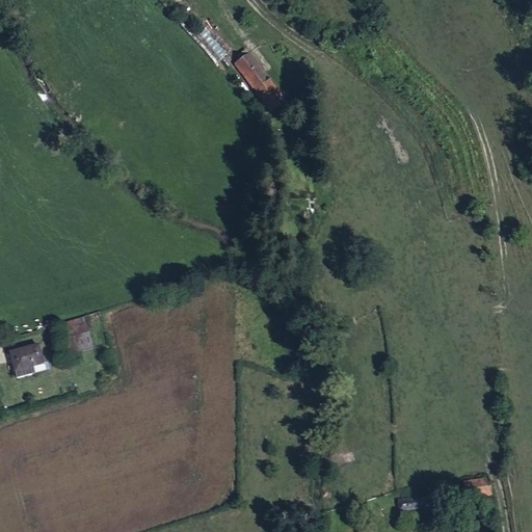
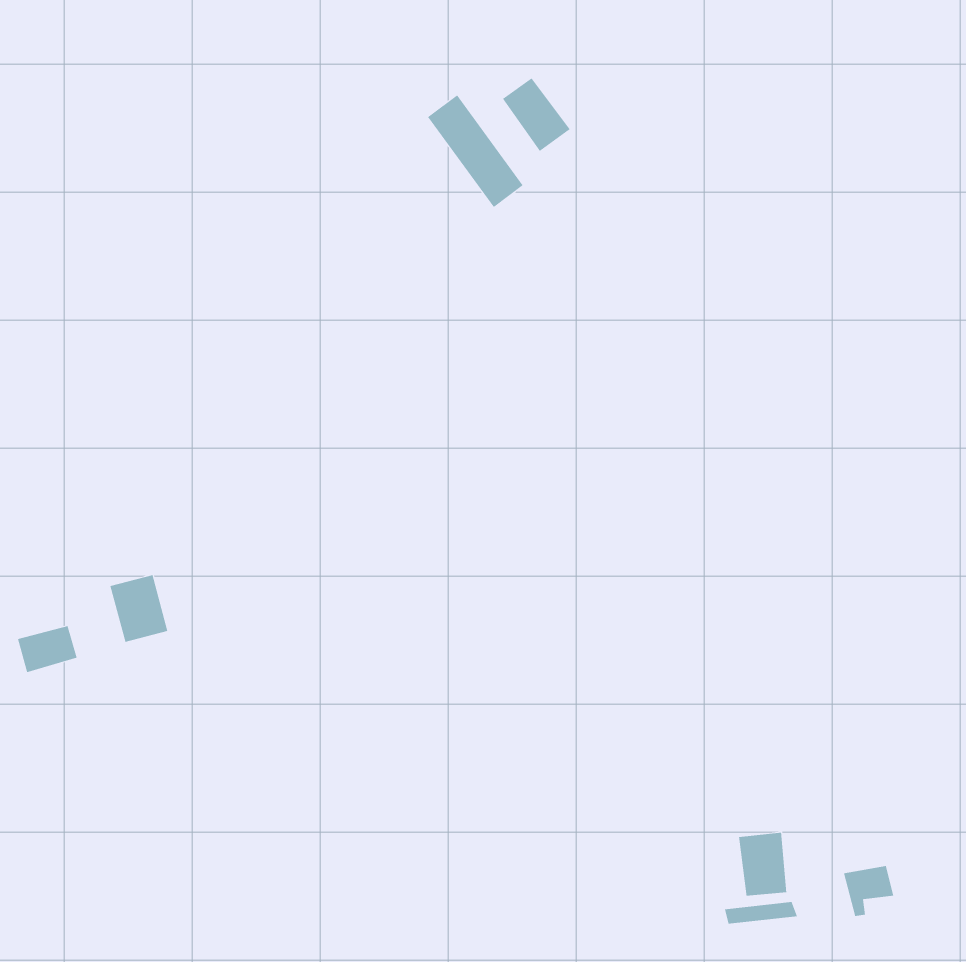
building: none -> [502,78,571,152]
building: none -> [739,832,787,897]

